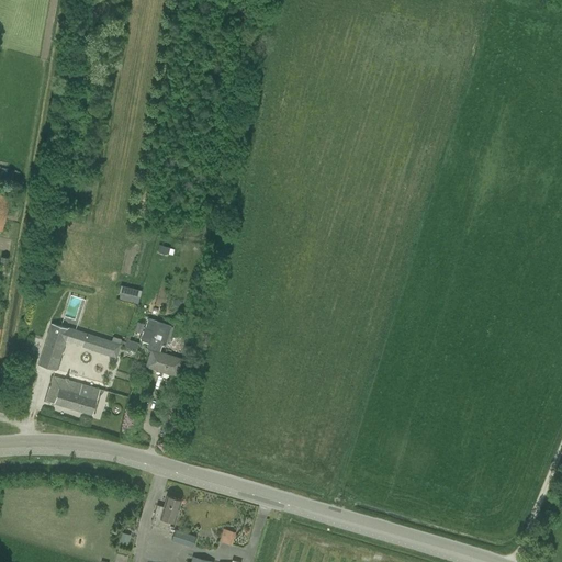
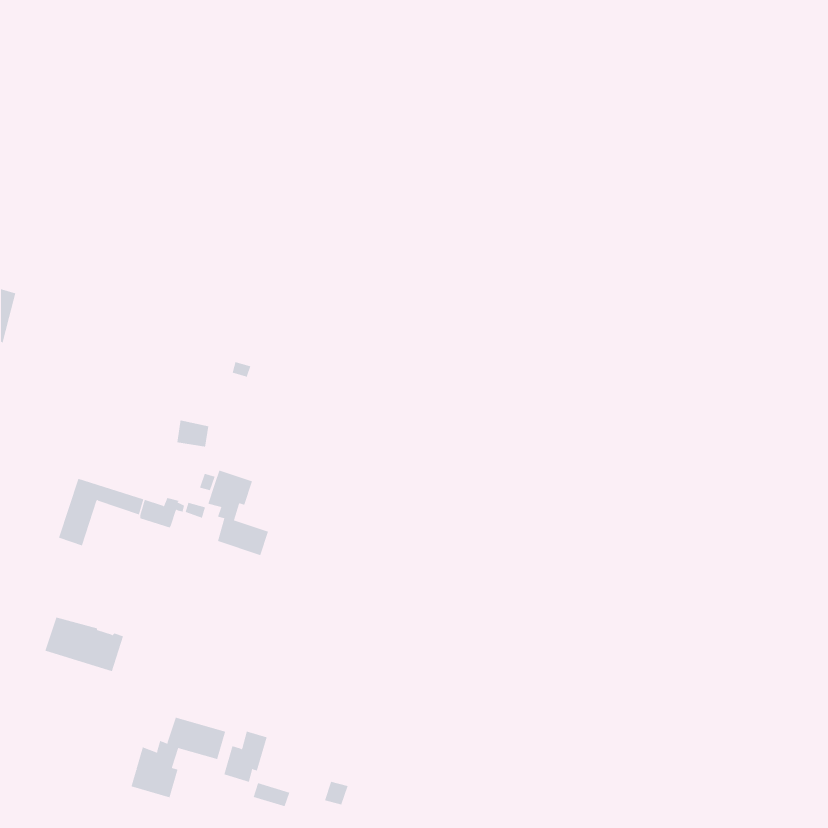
building: [46,378,100,415] -> [44,617,124,672]
building: none -> [131,717,226,798]

